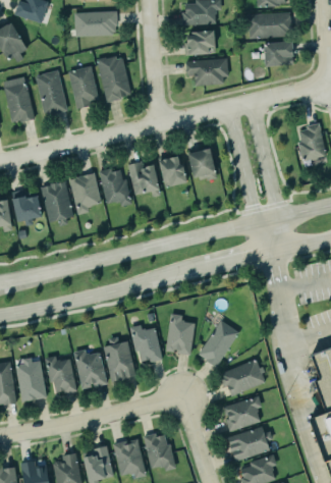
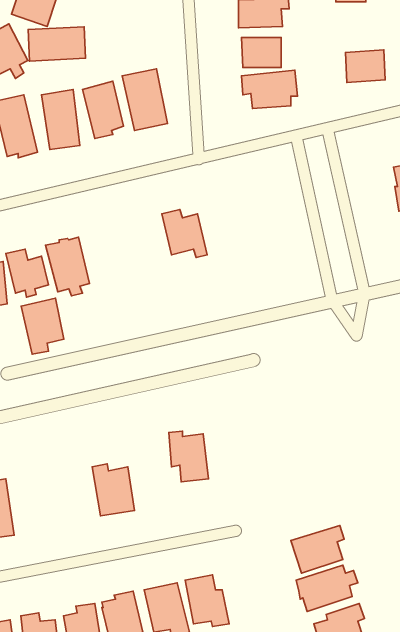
building: [74,11,117,37] -> [28,27,86,61]
building: [247,13,291,39] -> none
building: [188,150,215,181] -> none
building: [159,156,186,189] -> none
building: [101,168,129,207] -> none
building: [69,173,101,215] -> [21,298,64,354]
building: [167,315,194,354] -> none
building: [197,320,237,367] -> none
building: [102,337,133,381] -> none
building: [43,356,75,393] -> none
building: [14,358,45,401] -> none
building: [219,359,263,395] -> none

